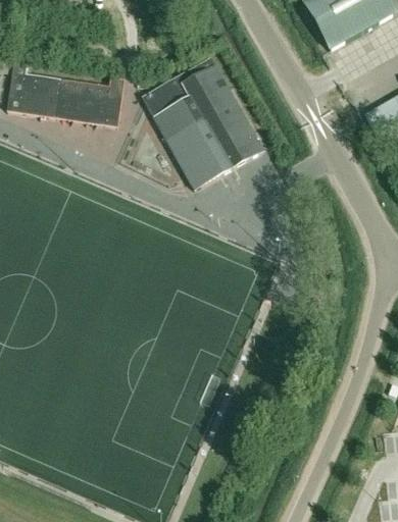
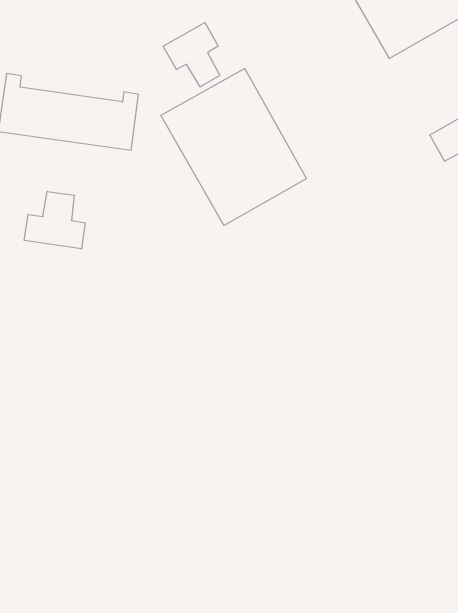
building: none -> [163,23,220,87]
building: none -> [24,191,85,249]

